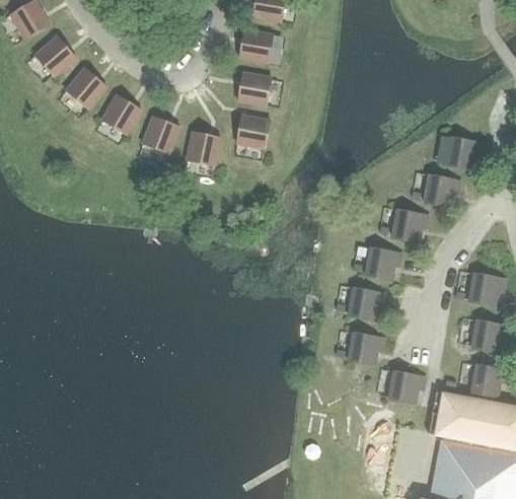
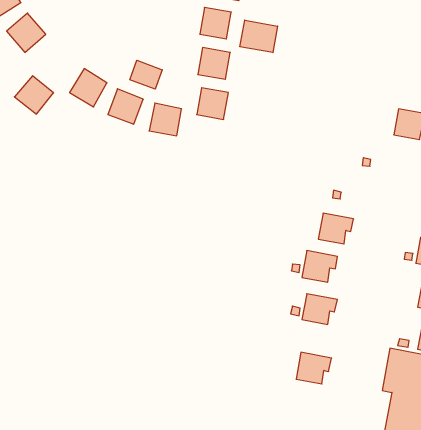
building: none -> [240,20,278,53]
building: [65,68,106,109] -> [14,76,54,114]
building: none -> [130,60,162,89]
building: [423,174,461,207] -> none
building: [391,209,429,242] -> none
building: [388,370,426,404] -> [296,352,332,384]

